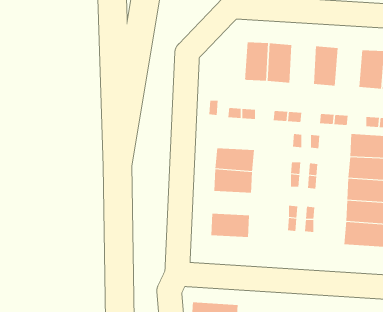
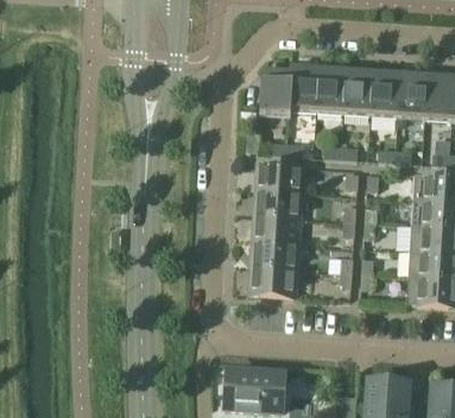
building: none -> [260,65,292,116]
building: none -> [343,69,373,115]
building: none -> [397,72,428,119]
building: none -> [257,164,303,192]
building: none -> [251,241,298,270]

